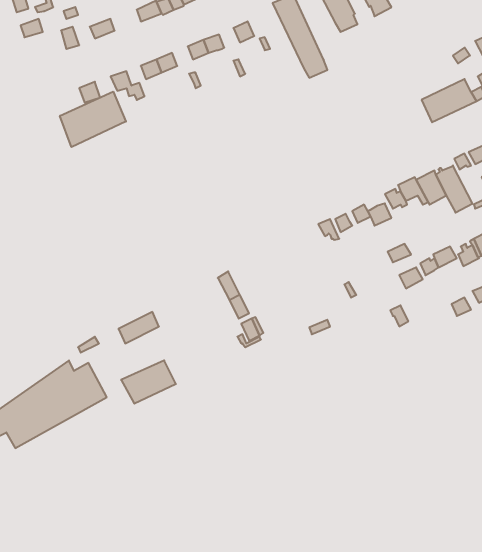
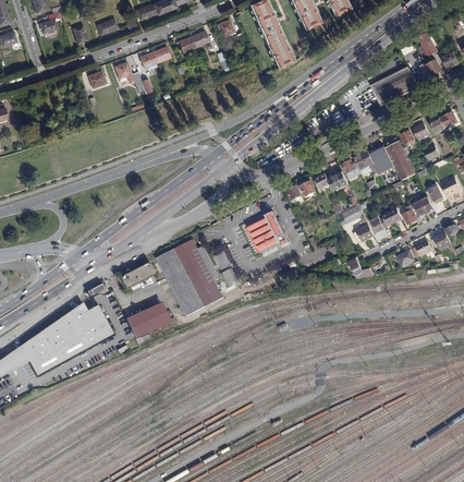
building: [60,92,126,147] -> none
building: none -> [247,210,288,252]
building: none -> [157,240,222,316]

